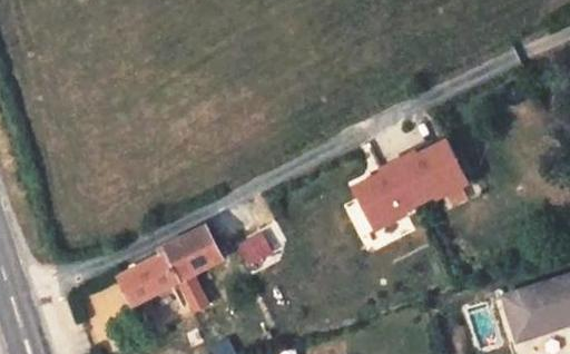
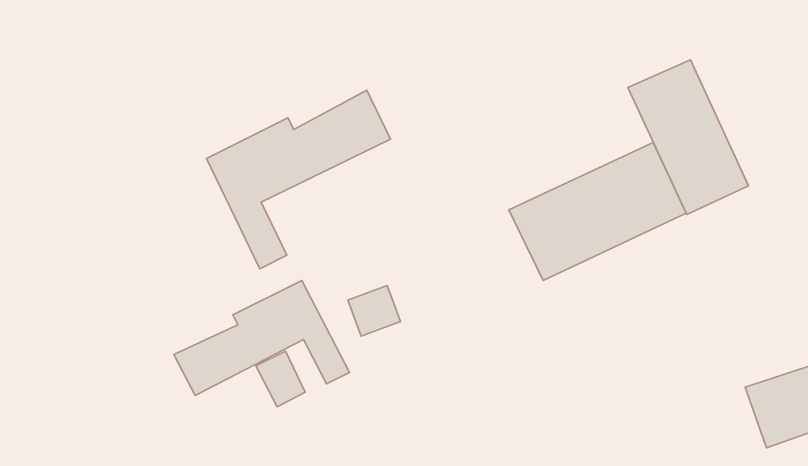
building: none -> [628,60,748,215]
building: none -> [207,90,391,269]

